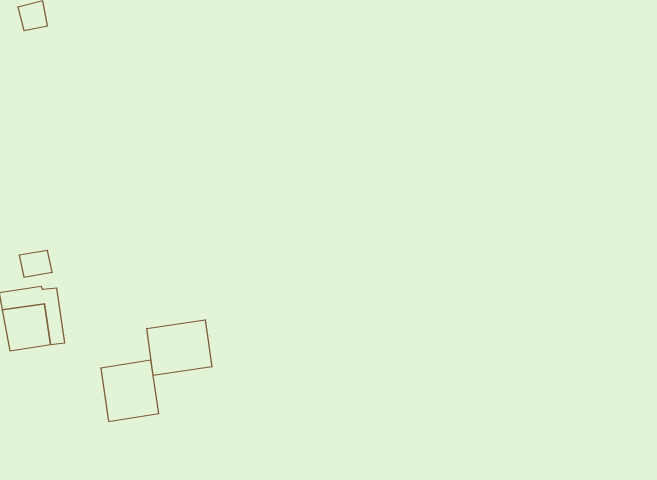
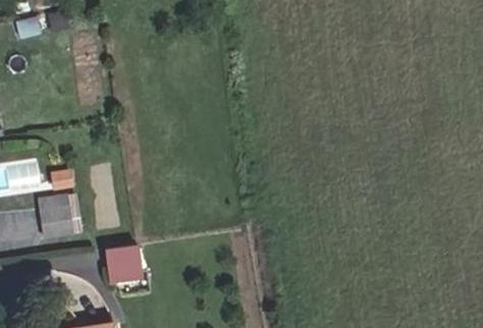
building: [147,320,212,376] -> none

